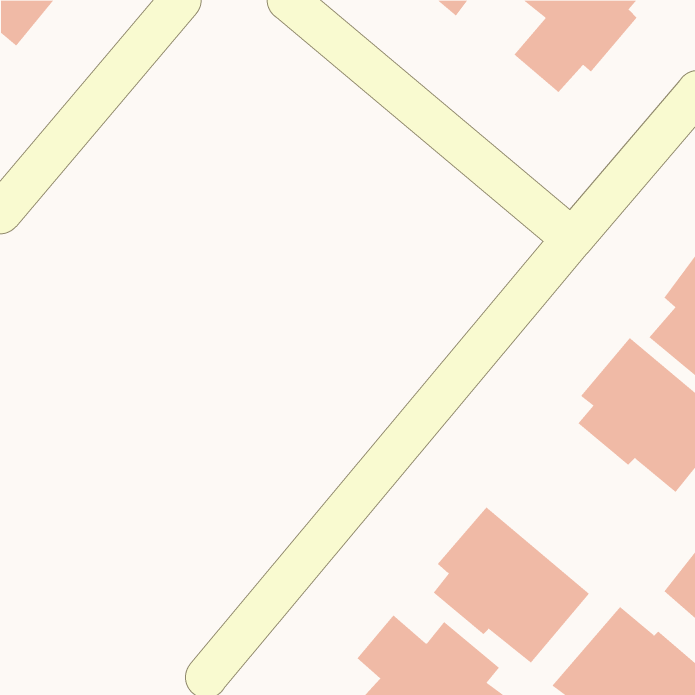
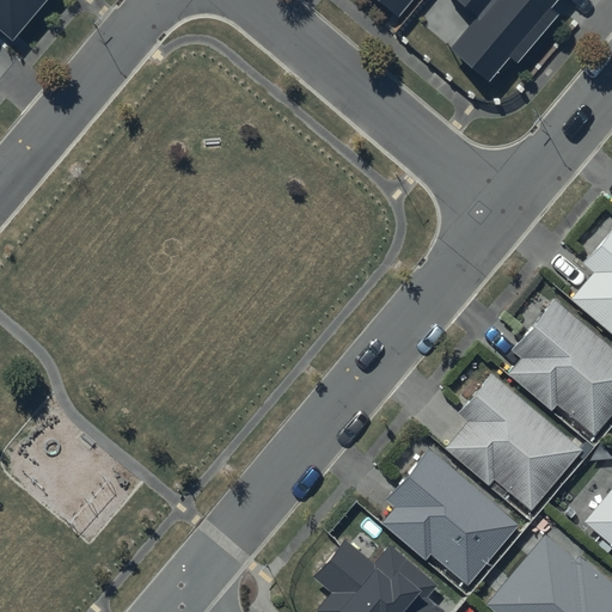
building: none -> [445,372,583,509]

